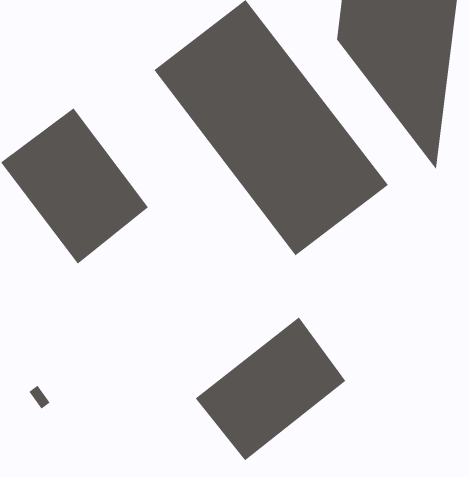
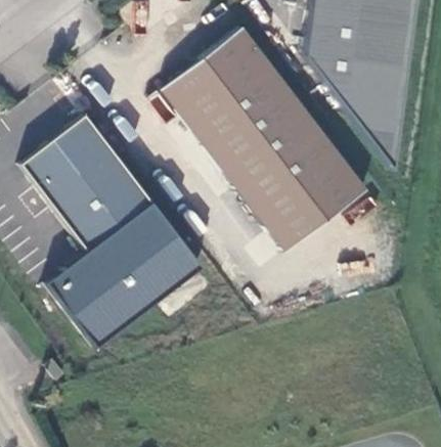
building: none -> [46,202,203,349]
building: [195,317,346,461] -> none

